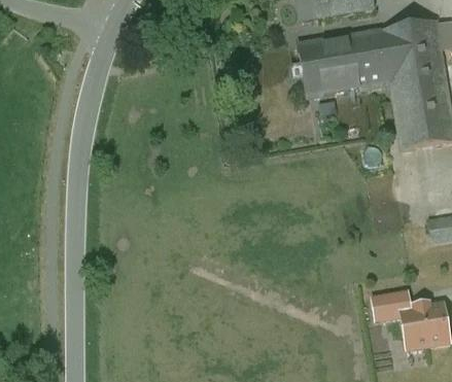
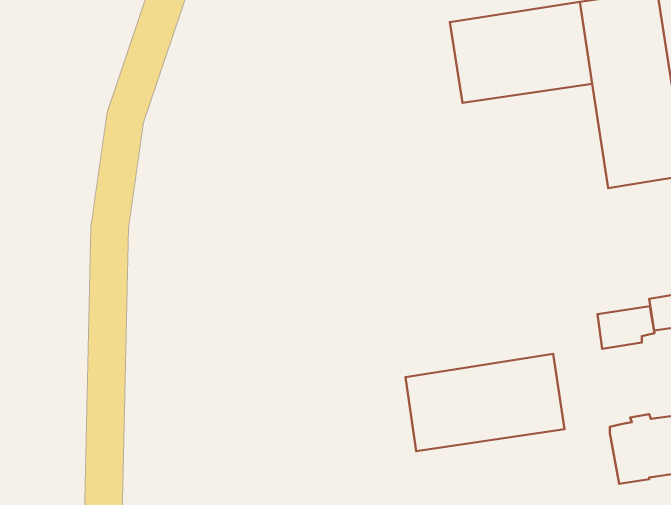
building: none -> [405,354,565,451]
building: [374,288,411,316] -> [598,306,654,349]

